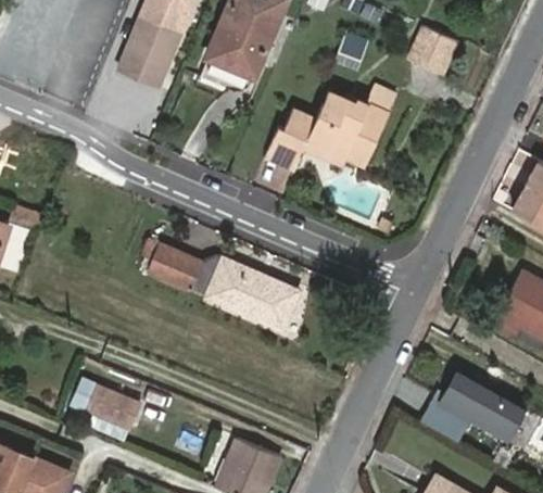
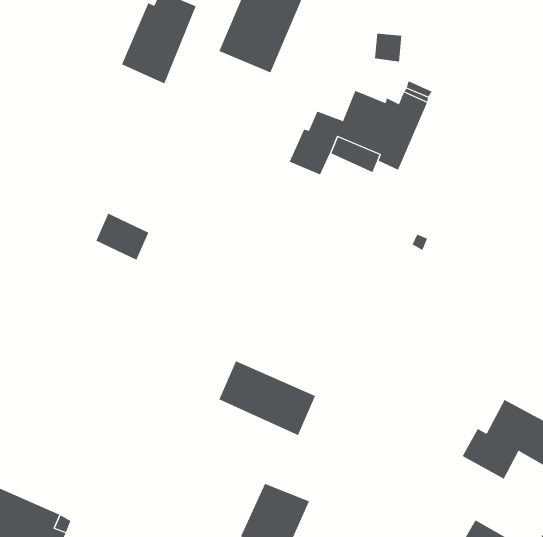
building: [407,27,454,73] -> none
building: [151,244,199,287] -> [96,213,149,260]
building: [210,260,296,327] -> [218,360,316,436]
building: [87,383,143,430] -> none

